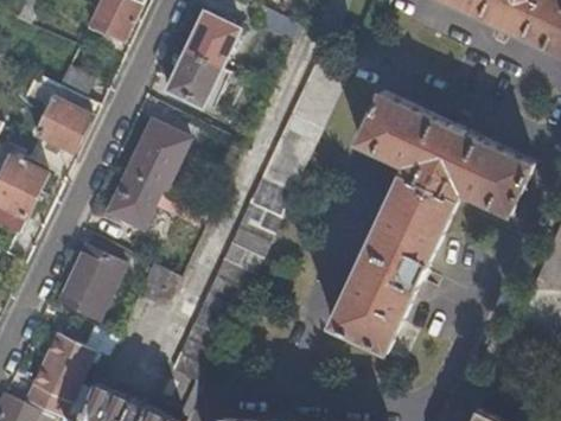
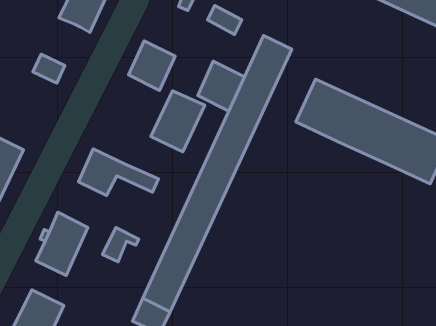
building: [184,12,237,69] -> [198,61,245,111]
building: [33,97,90,153] -> none
building: [126,122,187,192] -> [151,91,205,152]
building: [331,166,461,352] -> none

